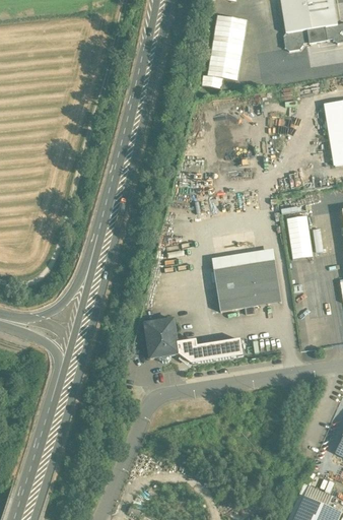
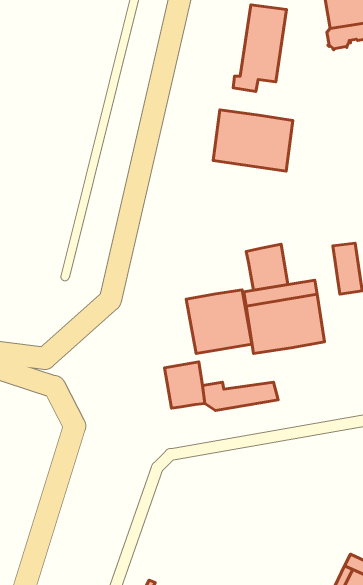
building: none -> [213,110,293,171]
building: none -> [246,244,288,290]
building: none -> [186,290,252,354]

